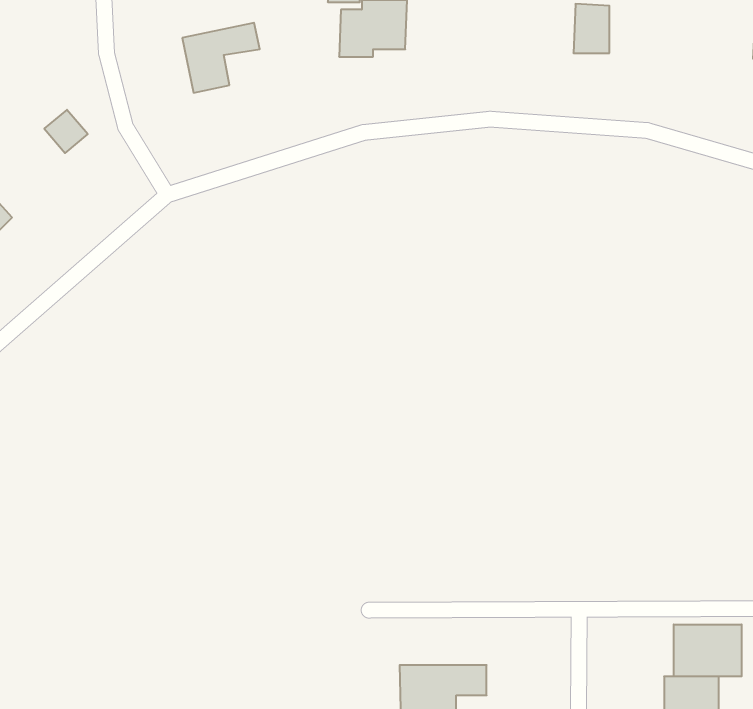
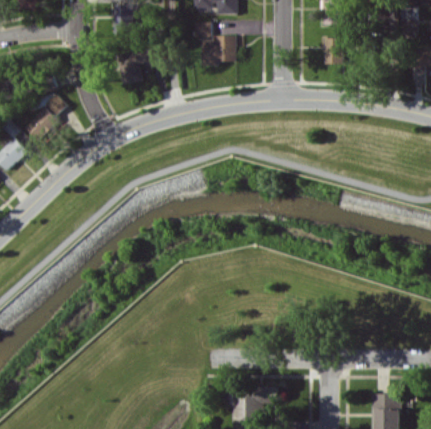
building: none -> [24,107,60,142]
building: [674,624,742,676] -> none

